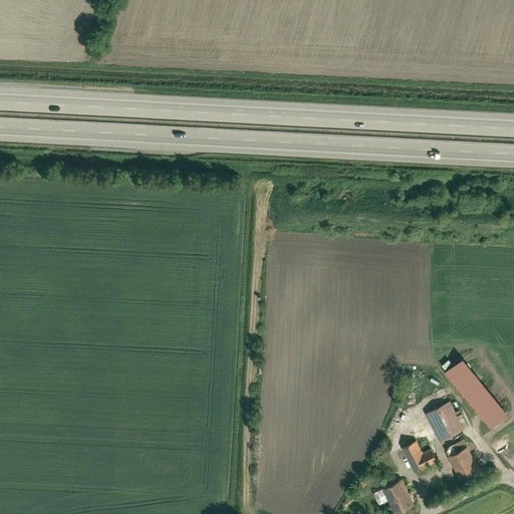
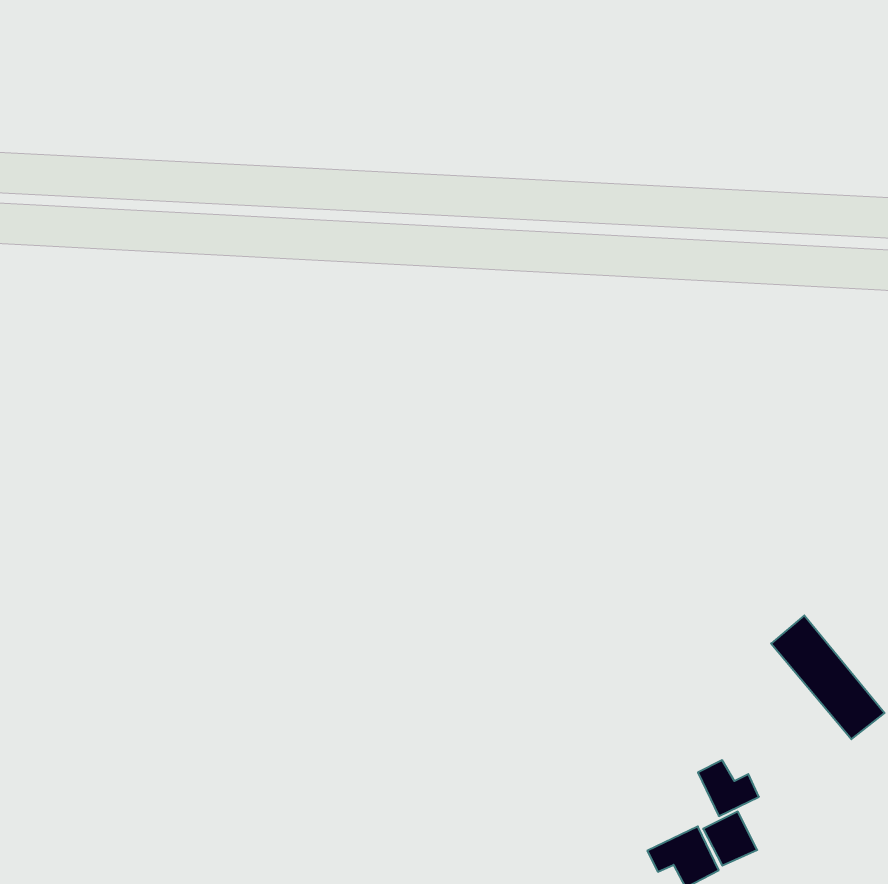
building: [425,403,468,443] -> none
building: [447,448,478,479] -> [703,812,757,866]

